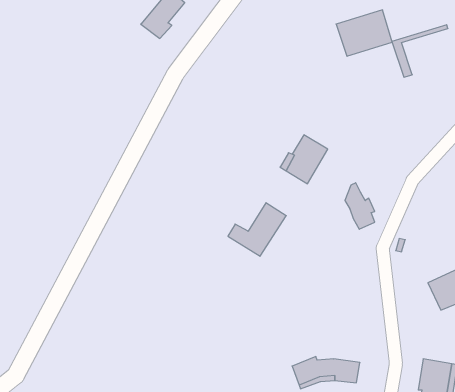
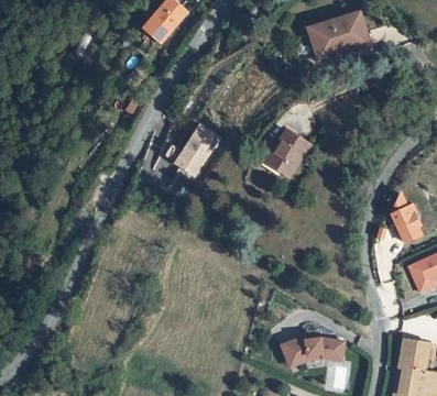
building: [392,25,448,77] -> [313,11,364,59]
building: [345,183,375,229] -> [392,197,419,240]
building: [228,203,286,256] -> [170,126,223,176]

